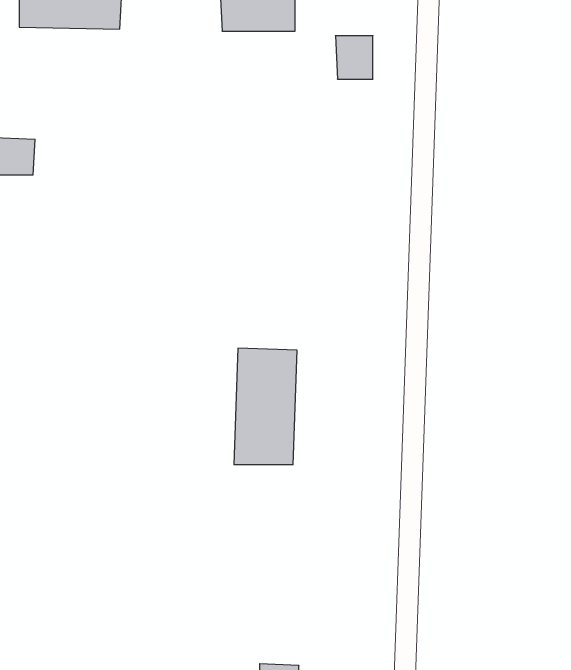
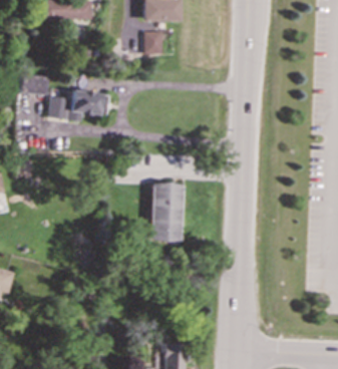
building: [335,36,373,79] -> [144,30,163,52]
building: none -> [49,90,108,120]

